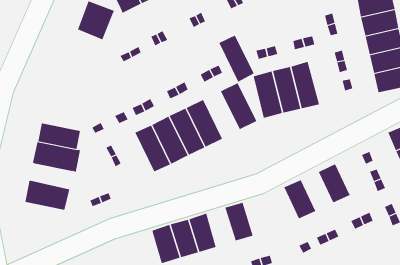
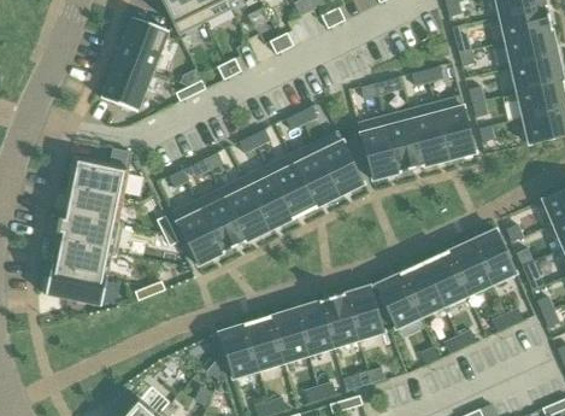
building: none -> [101,58,153,113]
building: [218,35,254,82] -> [290,142,340,207]
building: none -> [434,95,476,160]
building: none -> [69,148,133,197]
building: none -> [172,199,223,265]
building: none -> [471,229,517,285]
building: none -> [53,241,112,276]
building: none -> [424,252,467,306]
building: none -> [376,274,420,329]
building: none -> [345,286,384,340]
building: none -> [295,301,334,356]

